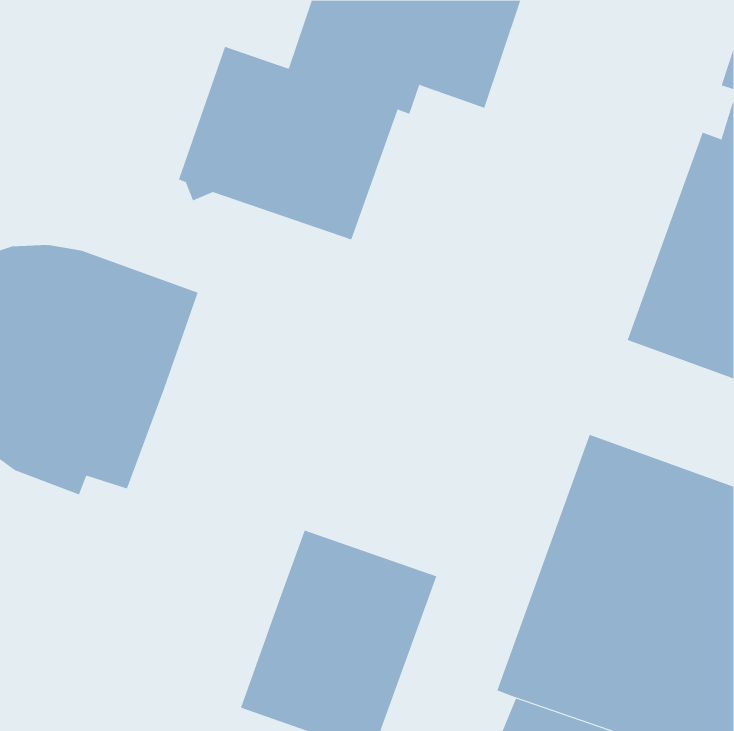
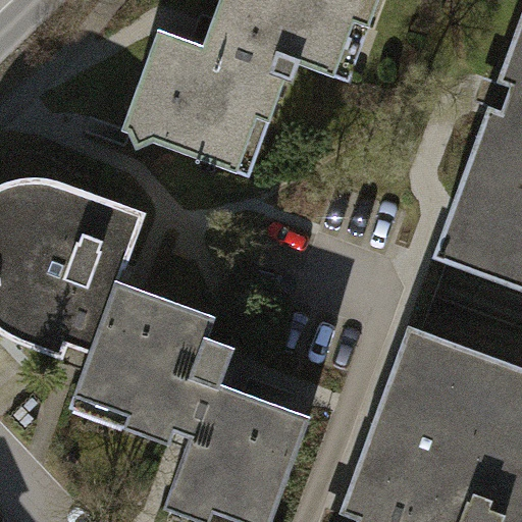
building: none -> [76,279,228,435]

